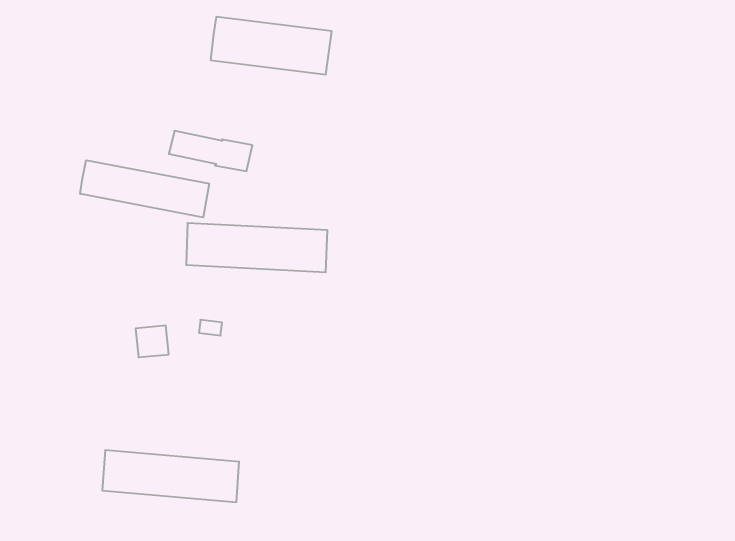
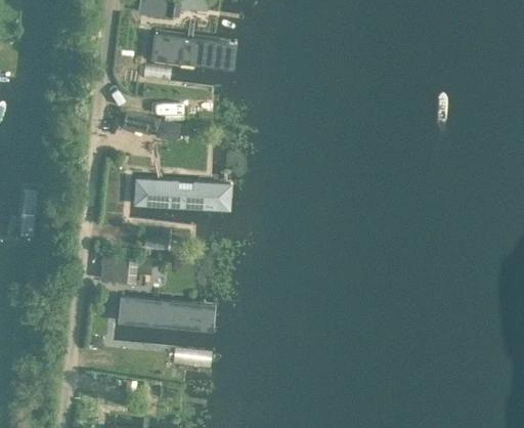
building: [80,160,209,217] -> none
building: [102,450,239,502] -> [118,296,215,333]

